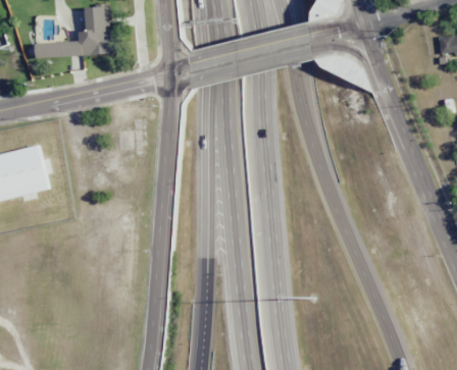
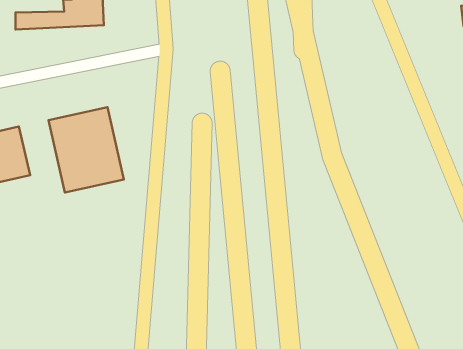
building: none -> [48,107,124,193]

